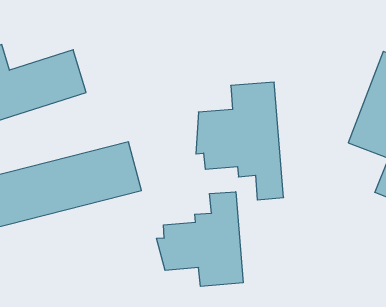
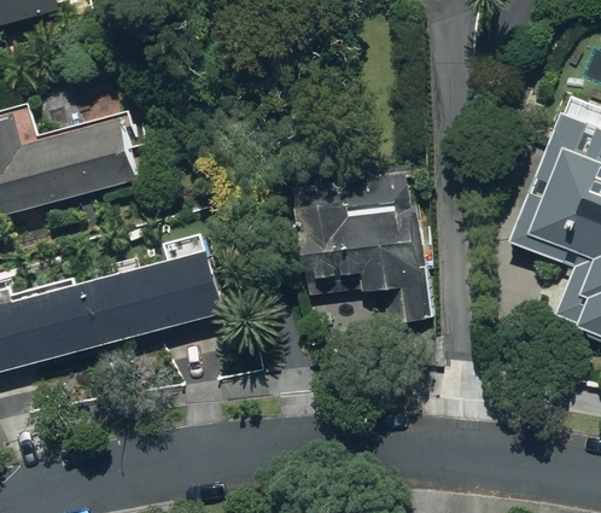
building: [157,192,243,286] -> none

